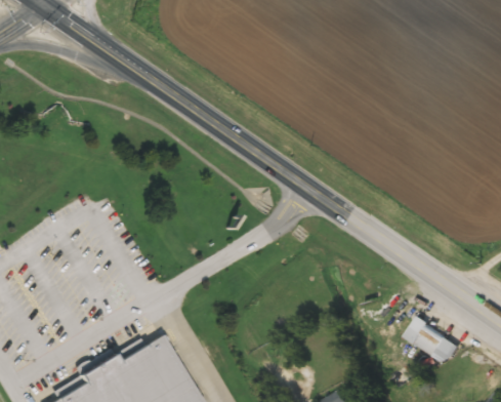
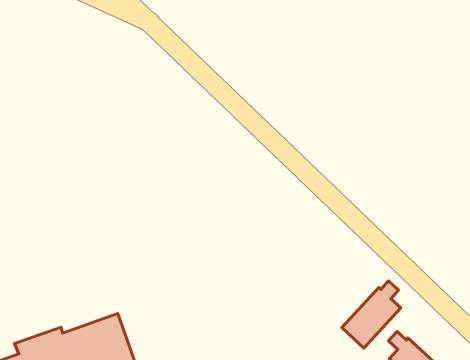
building: none -> [342,281,401,348]

